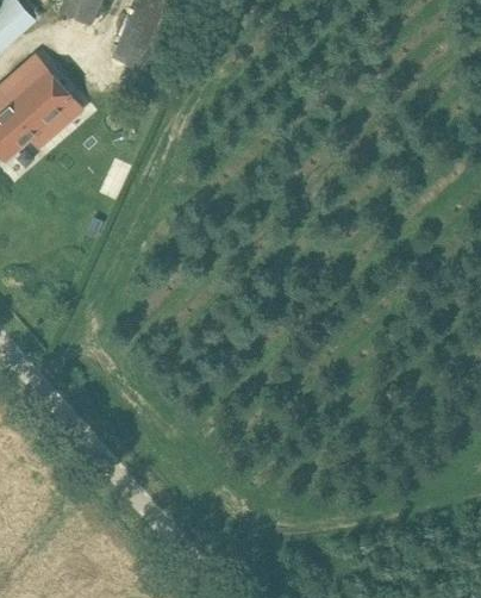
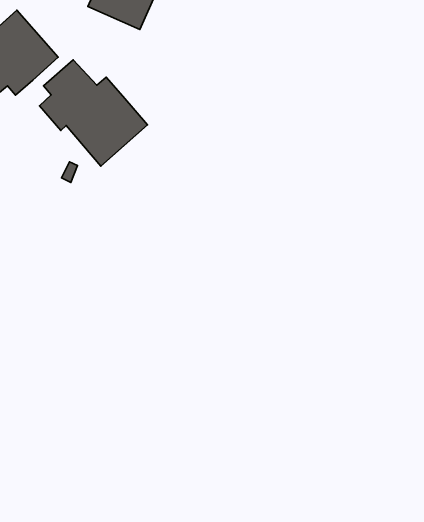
building: none -> [40,60,148,166]

